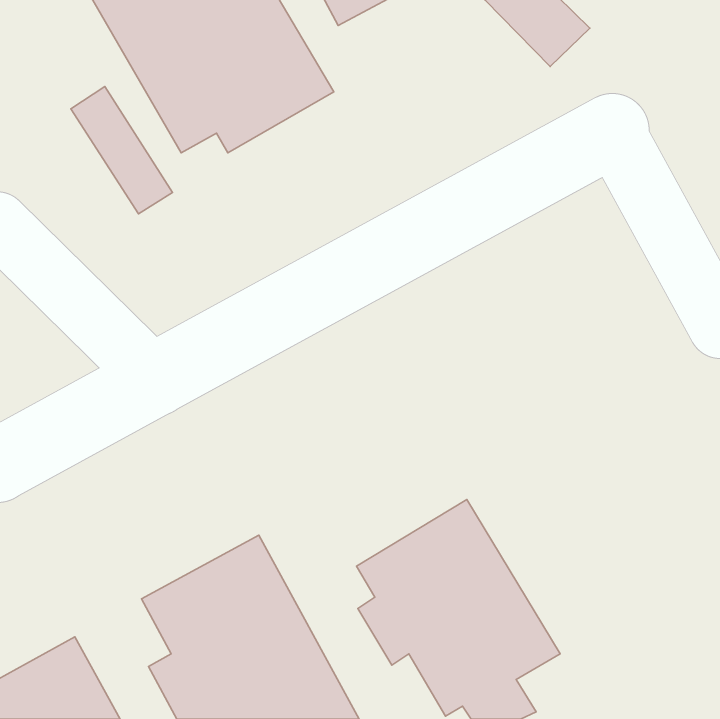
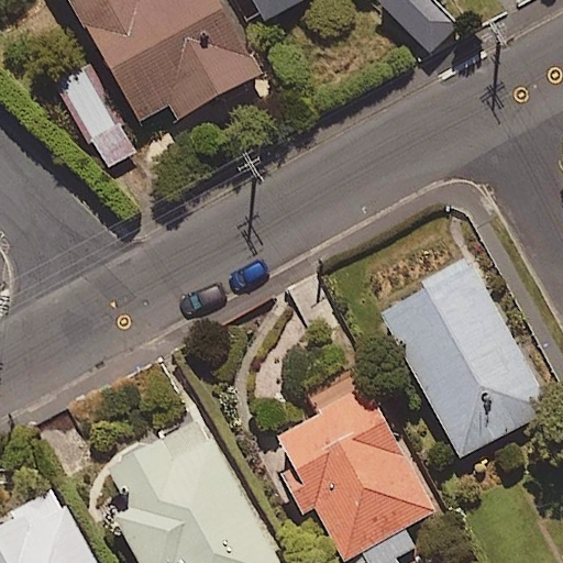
building: none -> [380,263,550,457]

